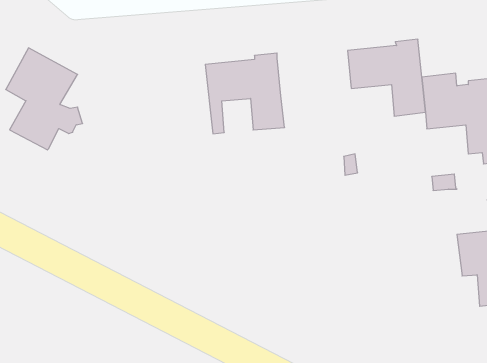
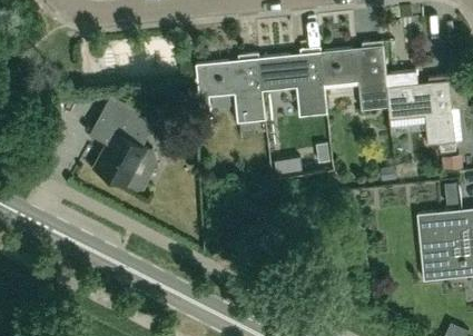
building: none -> [258,49,327,117]
building: [6,48,83,150] -> [91,98,159,188]

